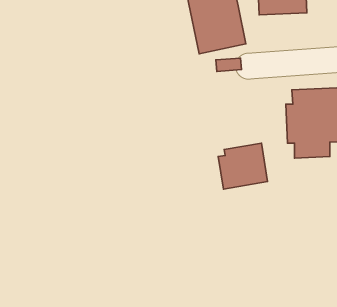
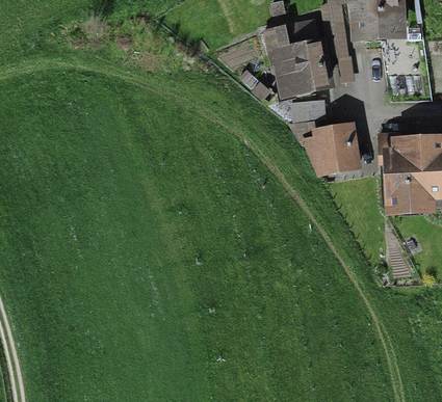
building: [218,143,268,189] -> [304,125,362,179]

